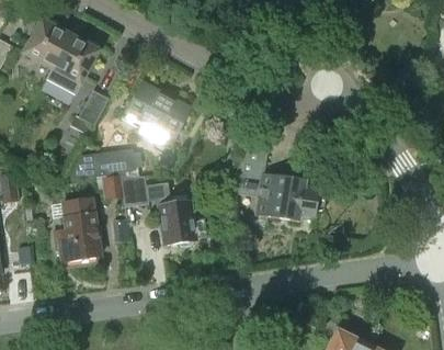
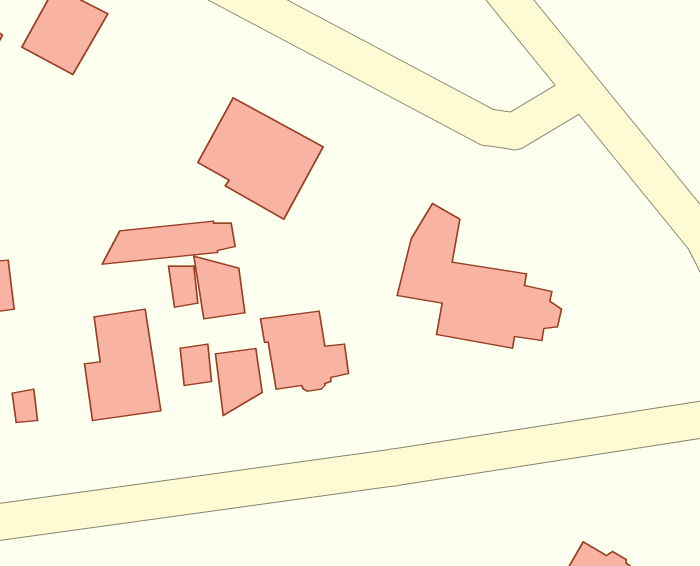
building: [45,33,99,92] -> none
building: [69,89,107,132] -> none
building: none -> [216,348,262,416]

